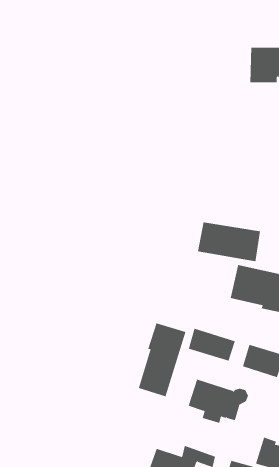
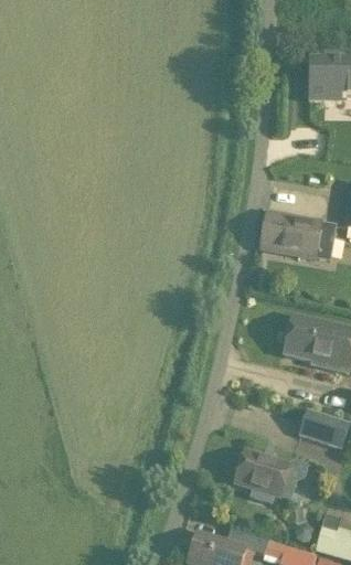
building: [197,222,261,262] -> [259,212,334,259]
building: [138,323,186,397] -> none
building: [188,328,236,361] -> none

